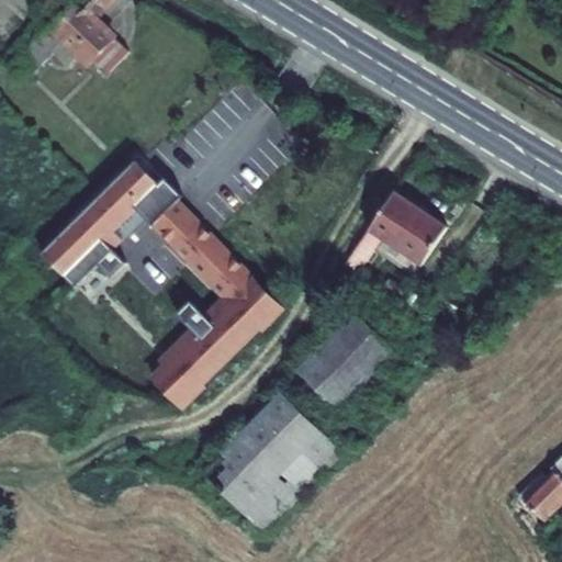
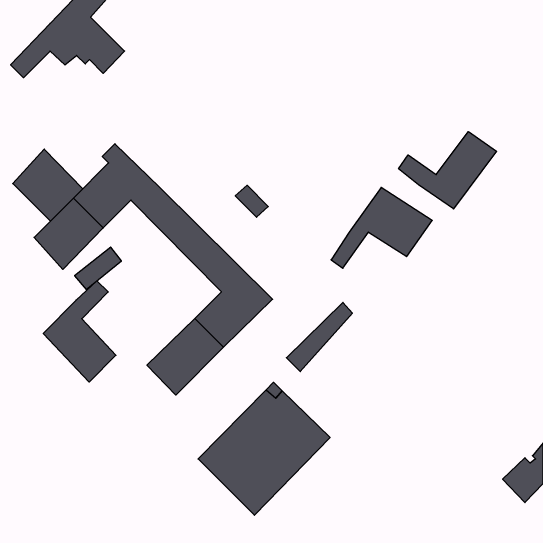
building: none -> [399,132,497,209]
building: none -> [13,149,83,221]
building: none -> [43,281,116,382]
building: [310,323,394,411] -> none

